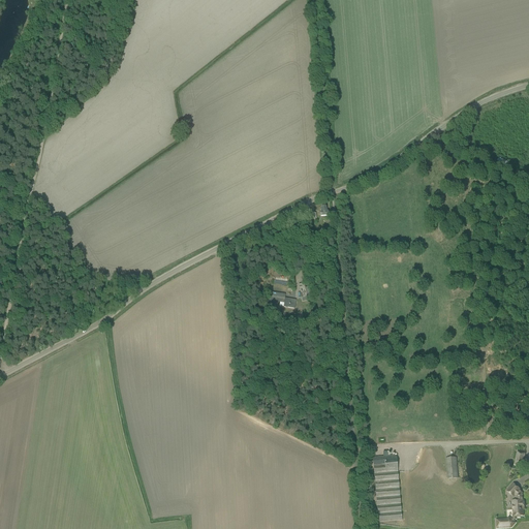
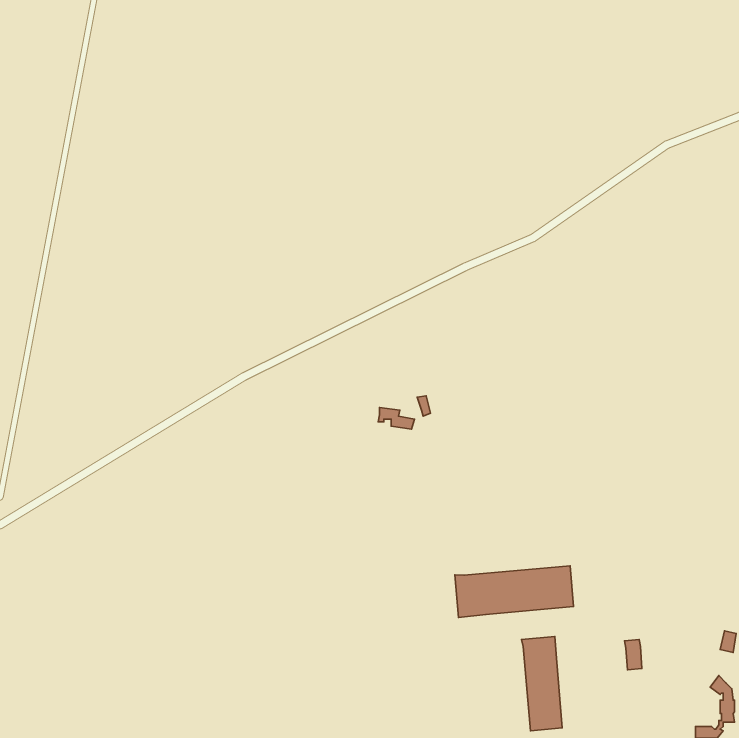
building: none -> [455,566,574,618]

